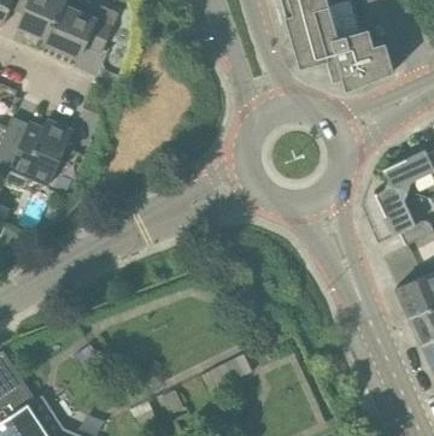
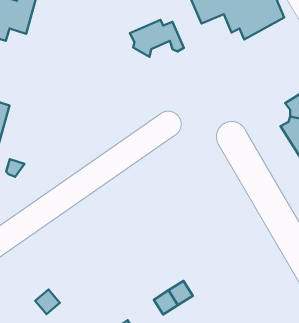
building: none -> [130,20,184,57]

